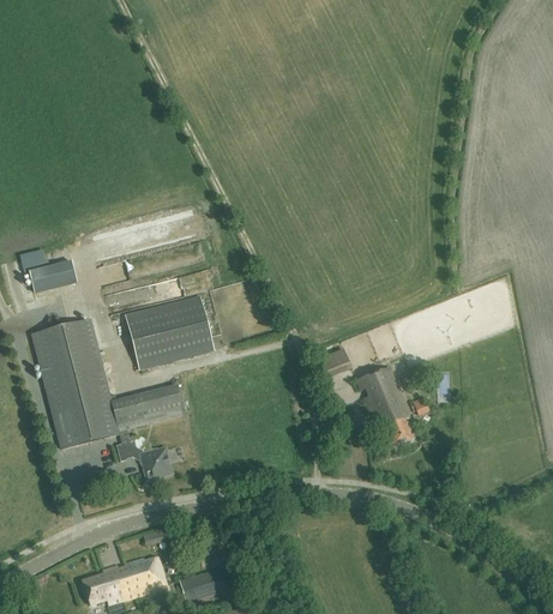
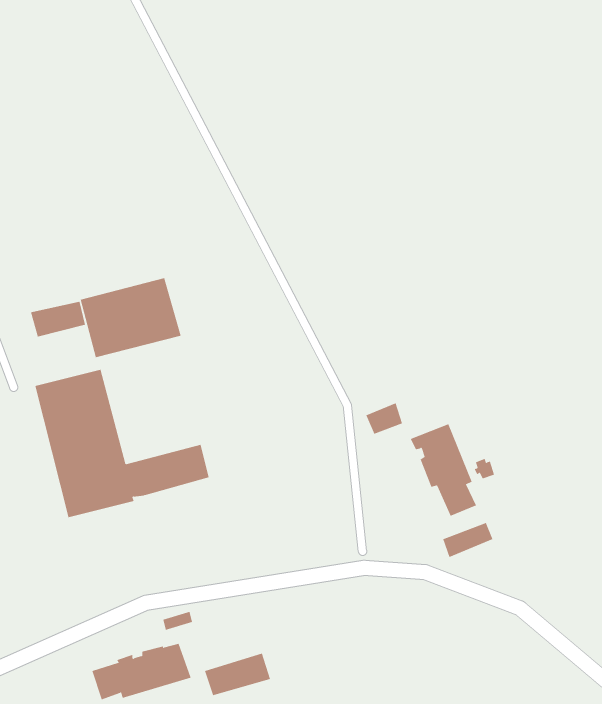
building: [125,296,212,366] -> [80,277,181,358]
building: [115,428,168,476] -> none
building: none -> [442,522,493,558]

